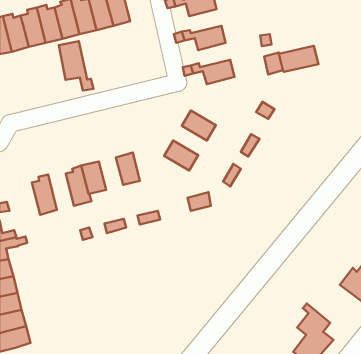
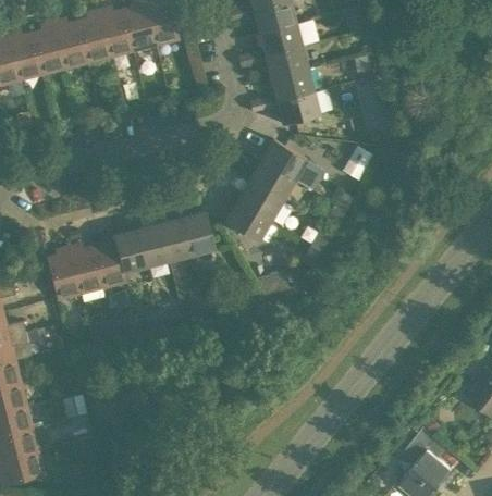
building: none -> [259,24,303,57]
building: [59,41,93,91] -> none
building: none -> [271,70,315,102]
building: [279,46,318,72] -> none
building: none -> [261,140,307,181]
building: none -> [237,182,283,221]
building: none -> [183,212,216,256]
building: none -> [137,224,170,268]
building: none -> [69,244,103,295]

